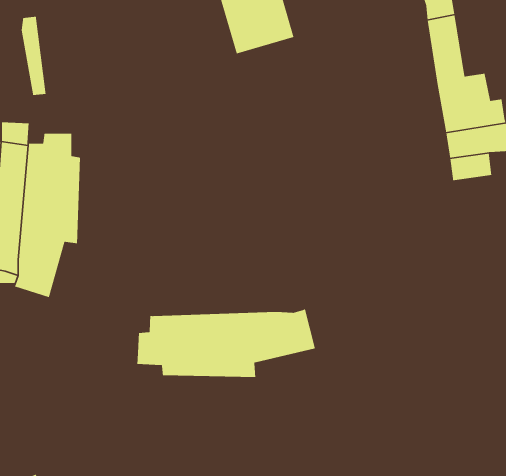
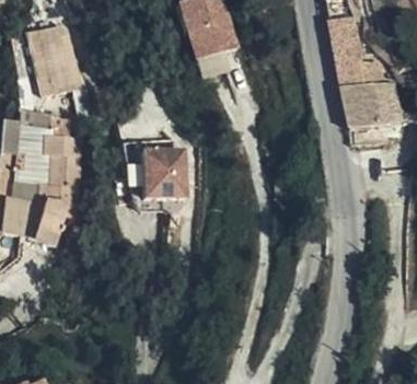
building: none -> [40,27,77,90]
building: none -> [138,148,184,197]
building: [137,308,316,378] -> none

